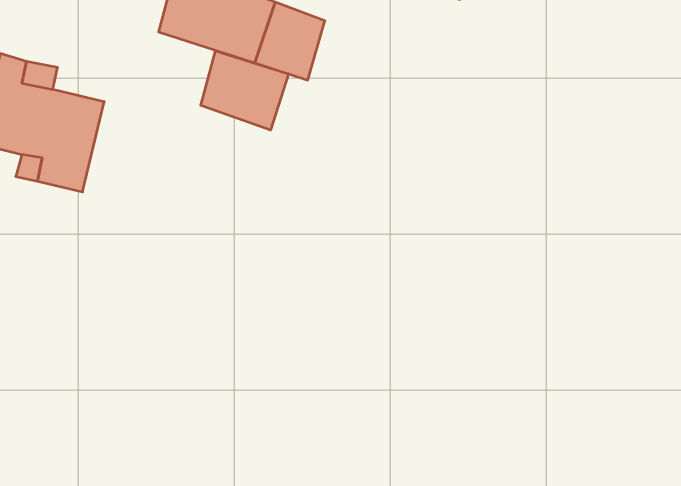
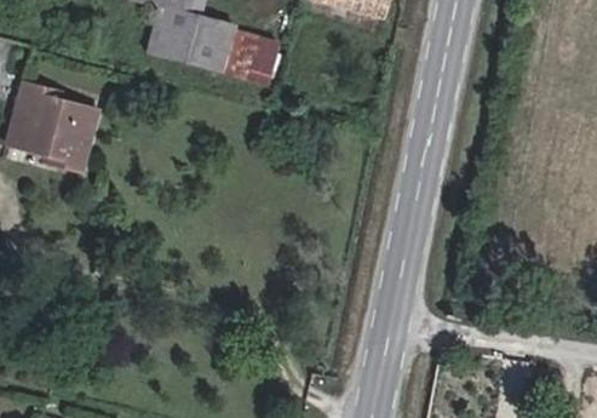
building: [201,51,289,130] -> none

